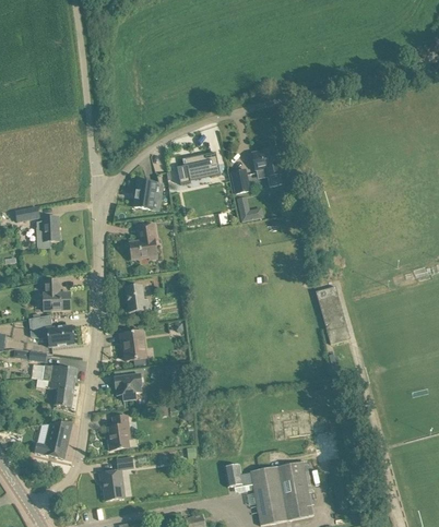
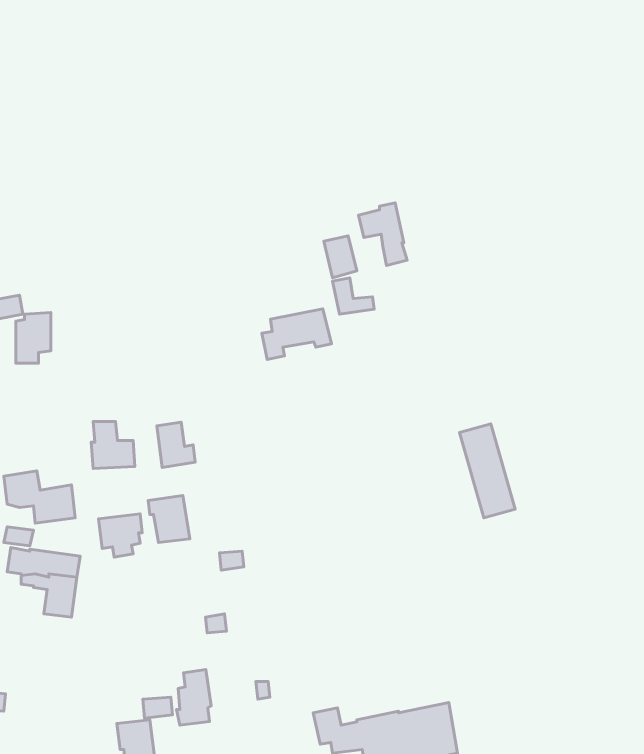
building: [176,152,220,183] -> [262,309,331,359]
building: [133,180,162,211] -> none
building: [129,224,155,259] -> none
building: [43,280,70,310] -> [91,421,135,468]
building: [114,373,141,400] -> [99,514,142,557]
building: [107,415,129,450] -> [176,669,211,725]
building: [34,421,72,458] -> none

